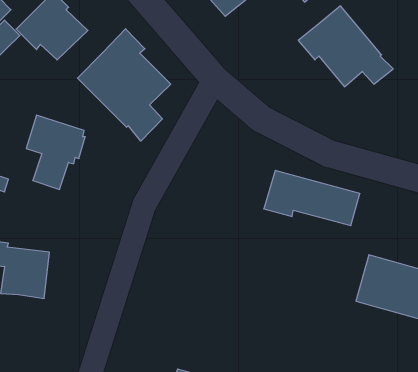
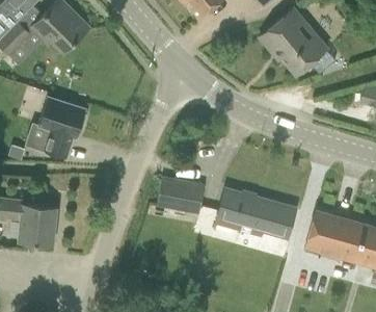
building: [77,29,171,141] -> none
building: [264,170,360,226] -> [216,191,294,236]
building: none -> [157,178,205,213]

